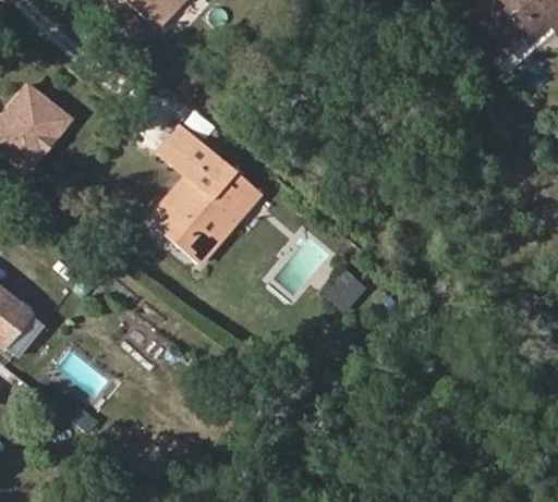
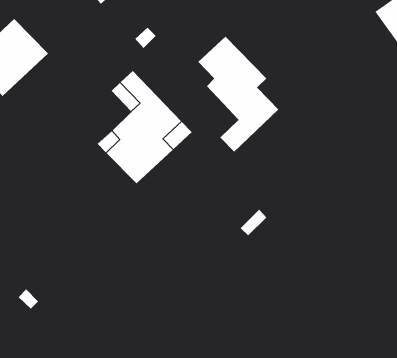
building: none -> [197,36,279,153]

